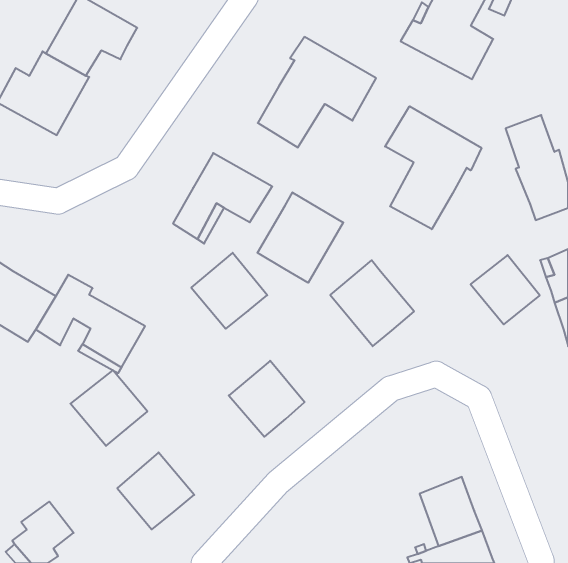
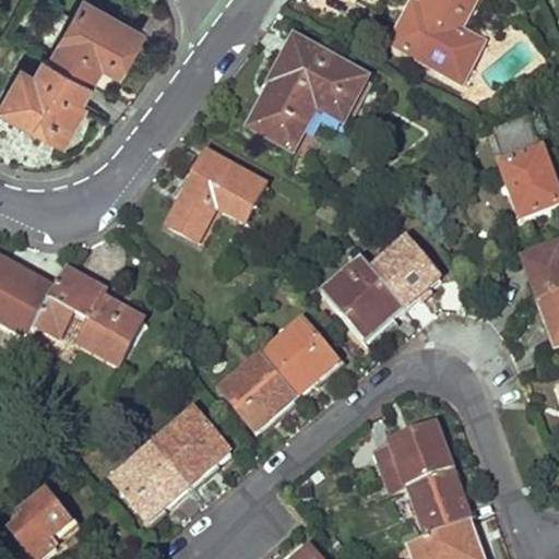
building: [385,106,481,229] -> none
building: [257,192,343,283] -> none
building: [191,253,267,329] -> [264,319,338,393]
building: [471,255,540,324] -> [372,237,440,305]
building: [70,370,147,446] -> [155,409,230,484]
building: none -> [376,424,452,490]

